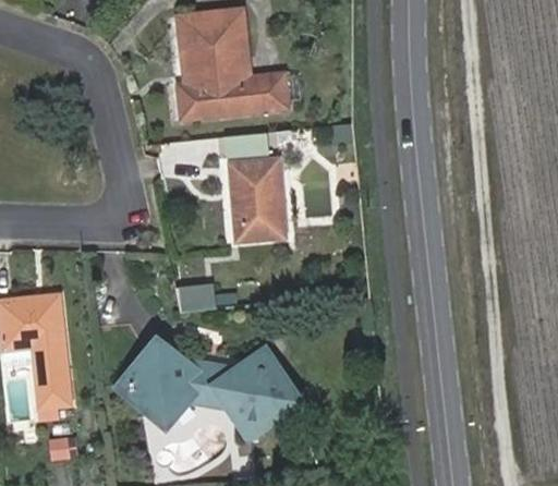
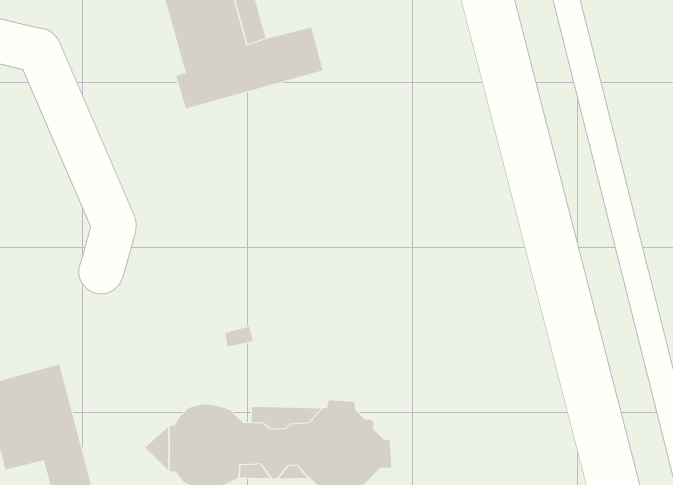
building: [230,162,286,244] -> none

